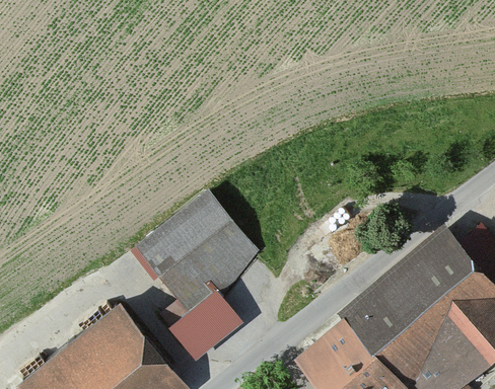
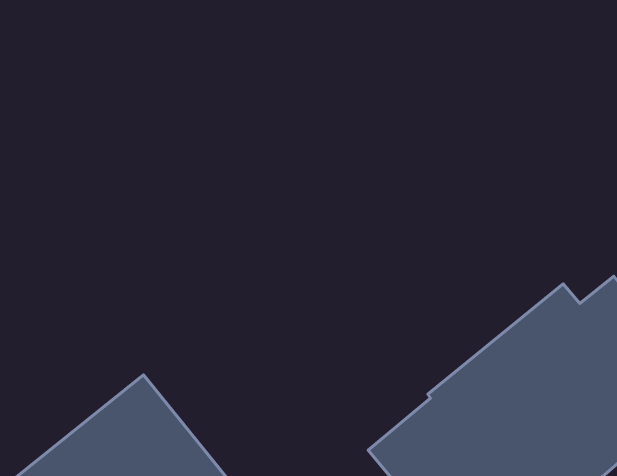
building: [136,188,259,302] -> none
building: [164,288,239,360] -> none

